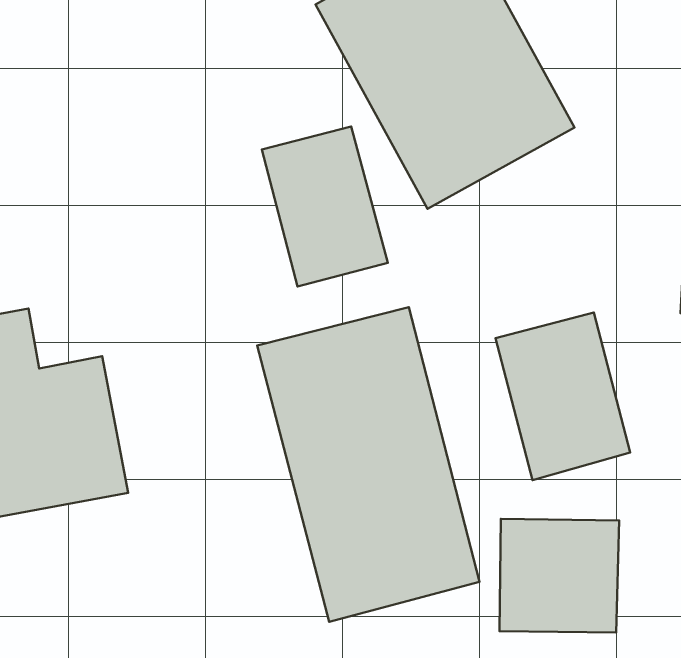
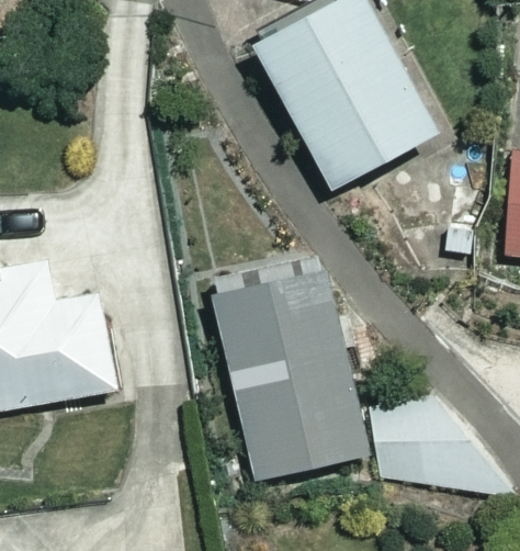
building: [262,126,388,286] -> none
building: [496,312,630,480] -> none

